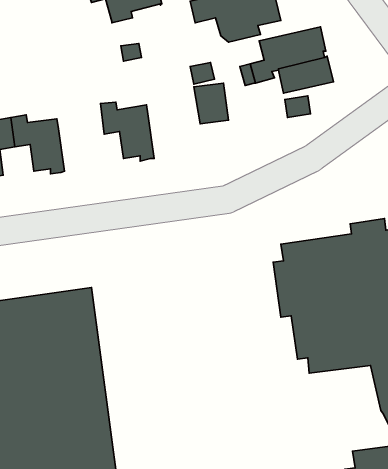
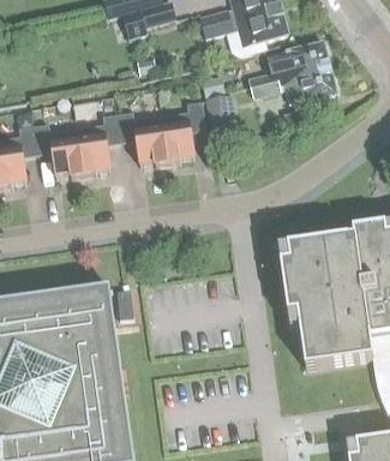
building: none -> [161,101,205,164]
building: none -> [77,113,121,176]

